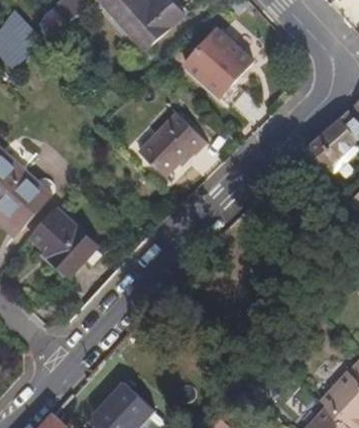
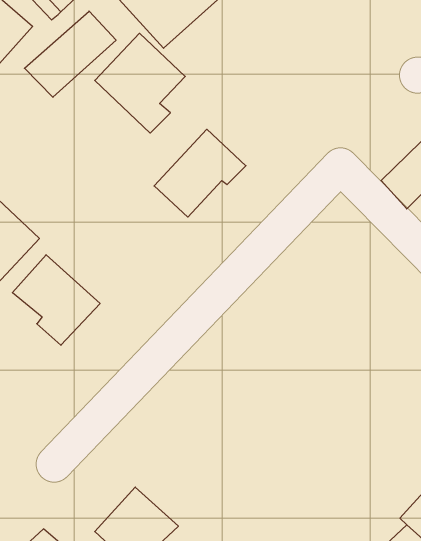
building: none -> [24,11,116,97]
building: [184,29,251,104] -> [95,33,185,133]

